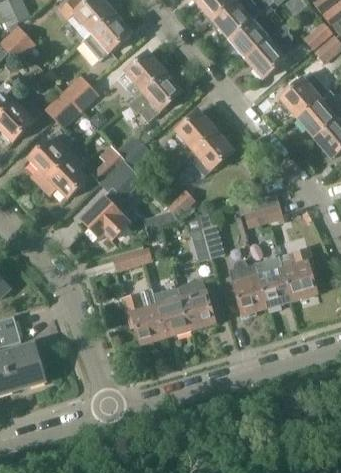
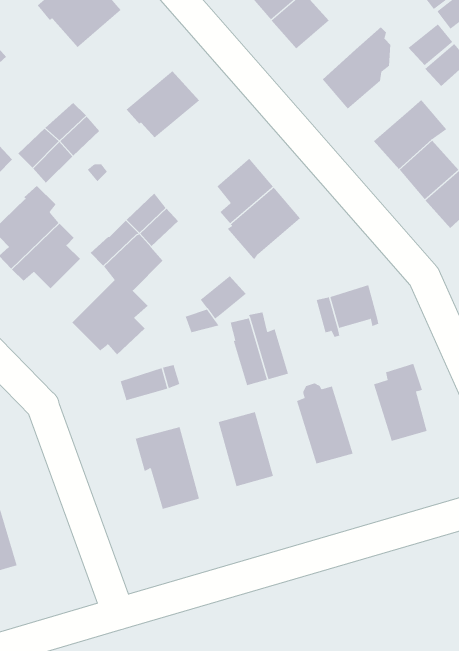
building: [82,13,130,59] -> none
building: [229,20,268,59] -> none
building: [126,73,181,120] -> none
building: [253,255,292,307] -> none
building: [153,286,189,337] -> none

